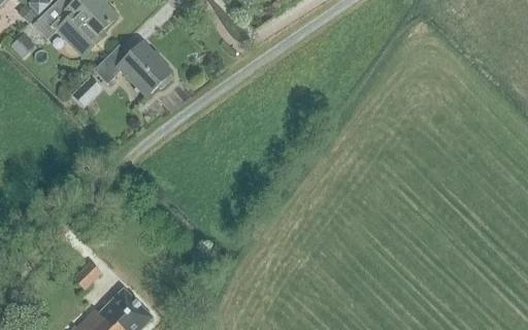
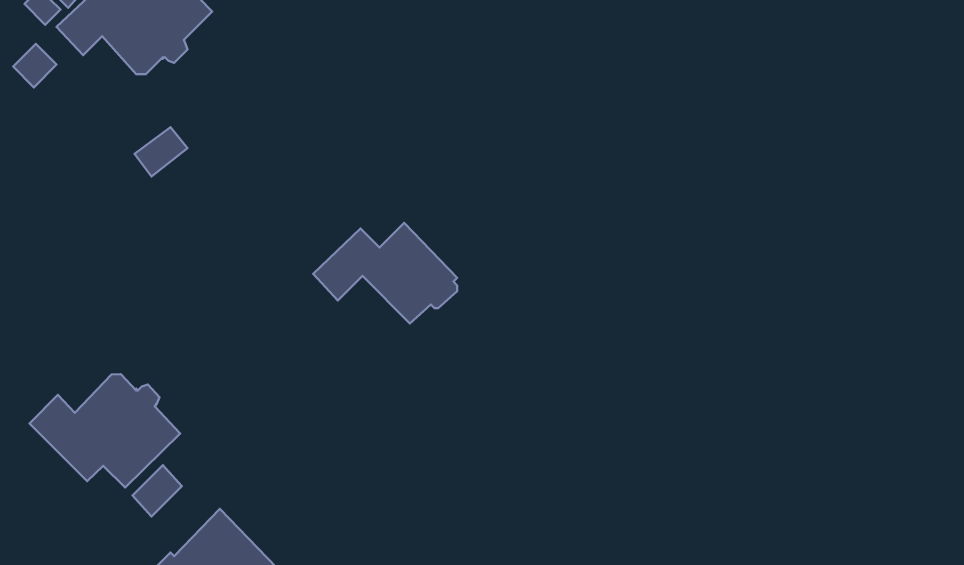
building: [94,40,172,95] -> [313,223,457,323]
building: none -> [29,374,180,487]

